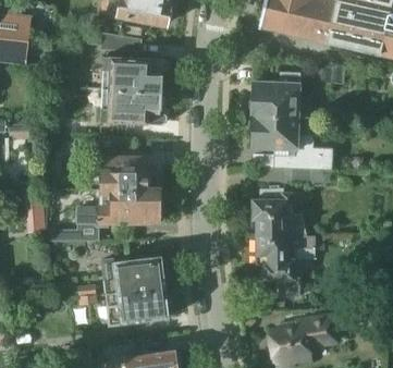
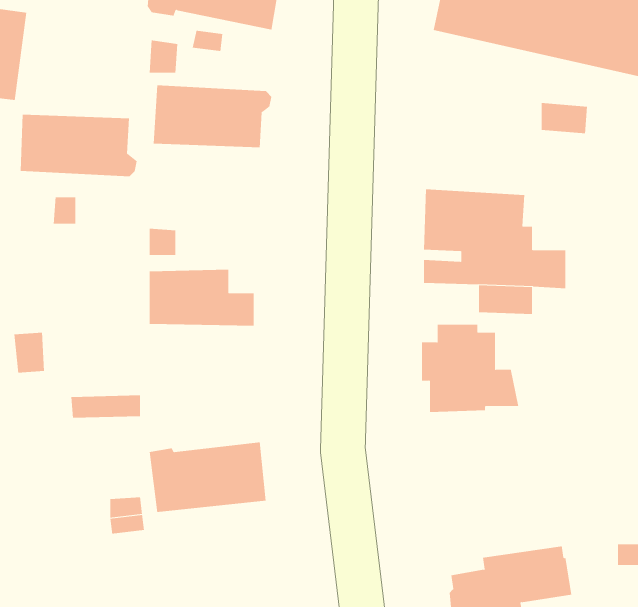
building: [254,72,310,118] -> none
building: [101,89,167,124] -> [20,114,138,177]
building: [77,189,159,226] -> none
building: [256,235,324,297] -> none
building: [105,287,169,324] -> none

